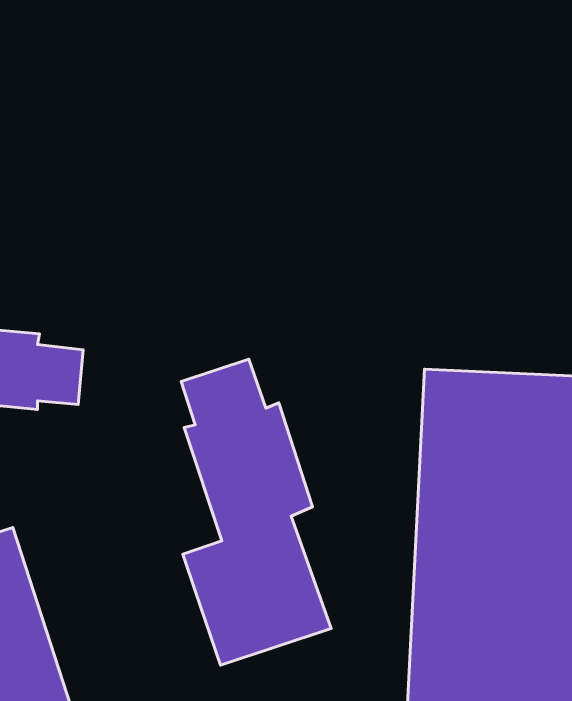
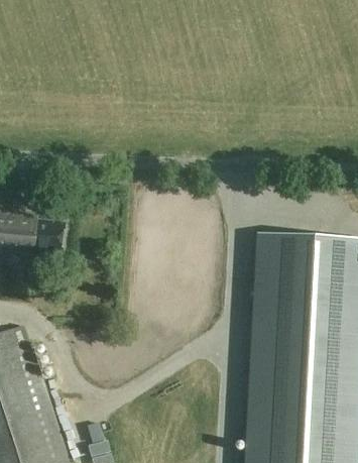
building: [181,359,331,665] -> none

